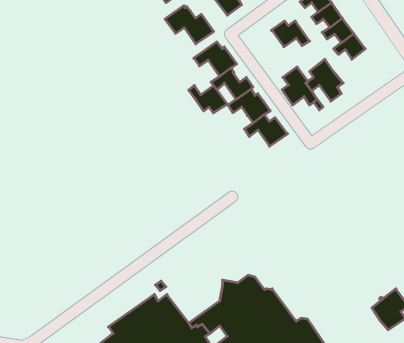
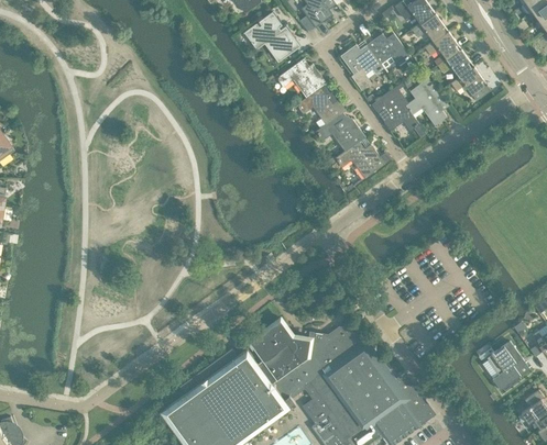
building: none -> [340,45,383,90]
building: none -> [451,66,492,101]
building: [189,85,227,113] -> none
building: none -> [243,318,310,381]

